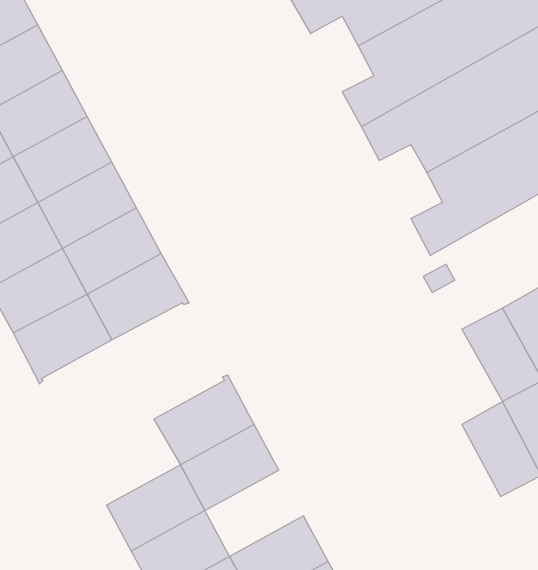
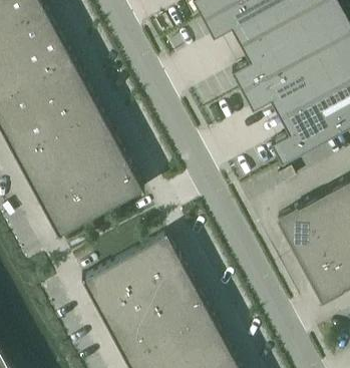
building: none -> [275,207,321,261]
building: none -> [79,258,137,307]
building: none -> [151,287,208,336]

